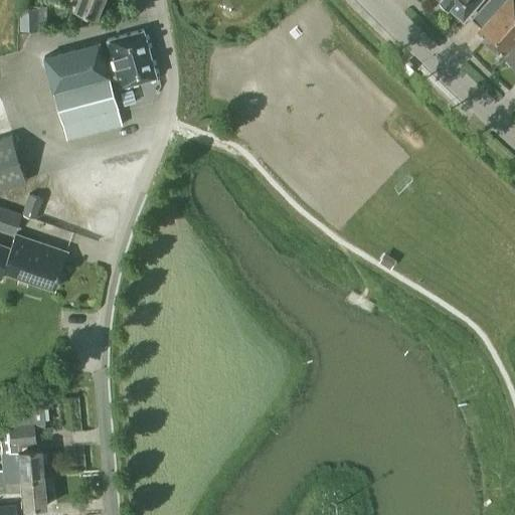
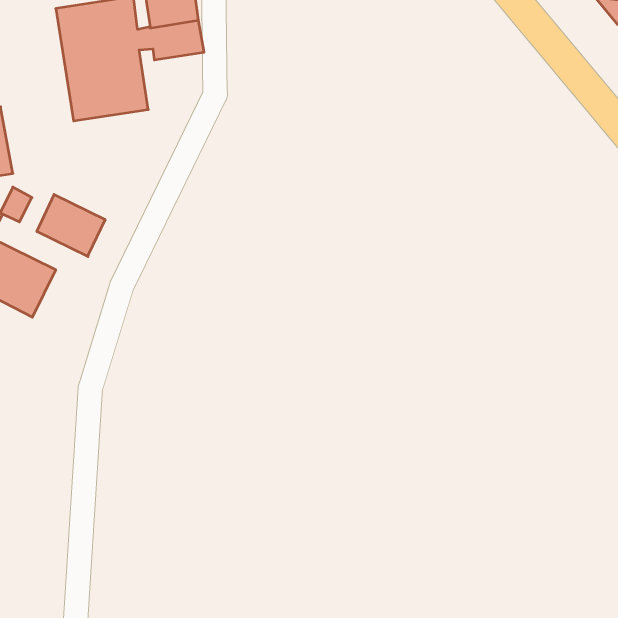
building: none -> [37,194,105,257]

